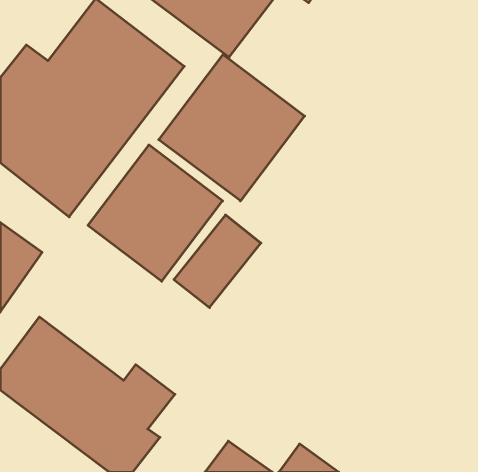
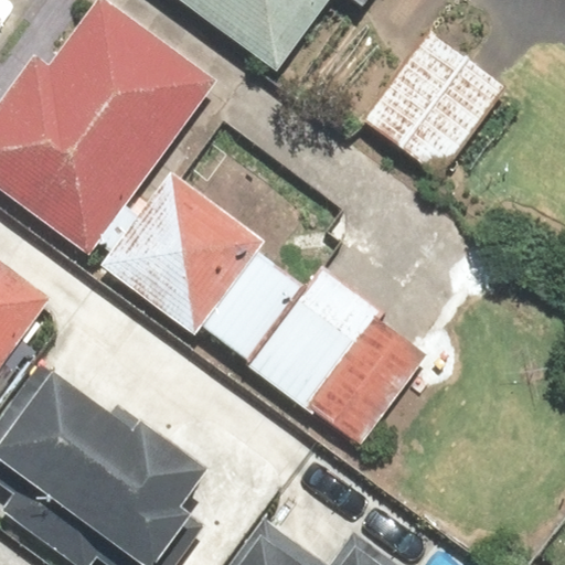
building: none -> [362,24,516,184]
building: [159,55,305,201] -> none
building: none -> [255,277,428,449]

